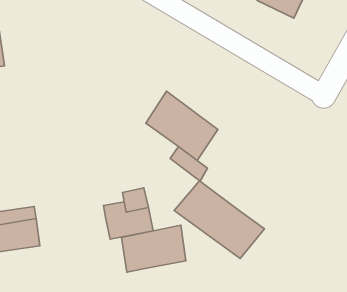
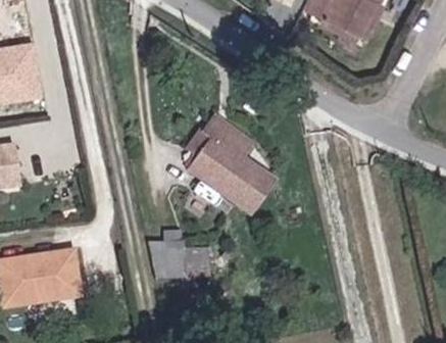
building: [174,181,264,258] -> none
building: [121,225,186,272] -> none

